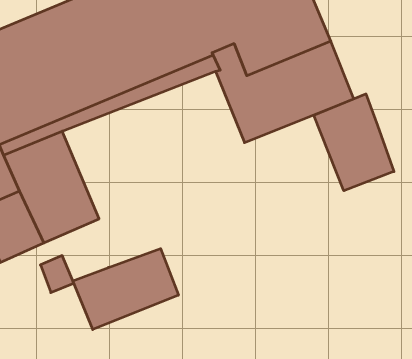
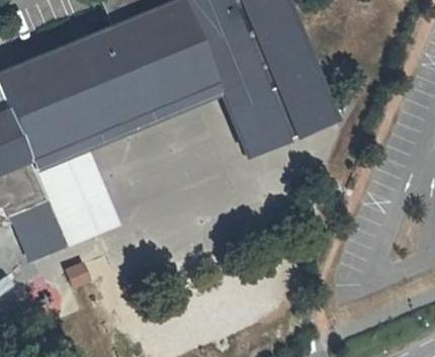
building: [314,94,394,191] -> none
building: [73,249,178,330] -> none

